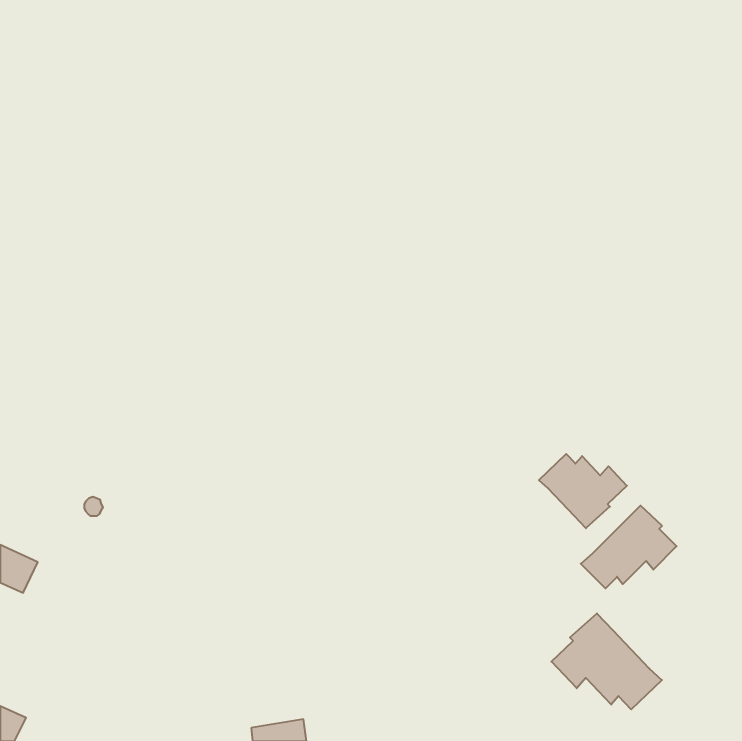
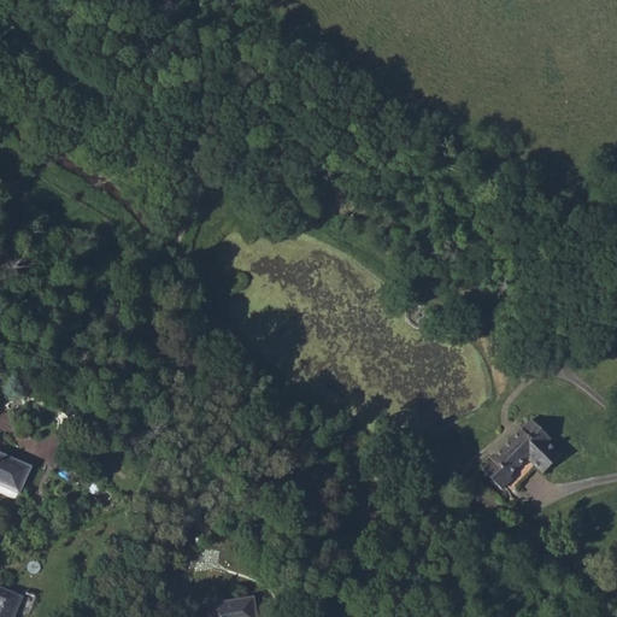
building: [539,454,627,528] -> none
building: [551,613,662,709] -> none

